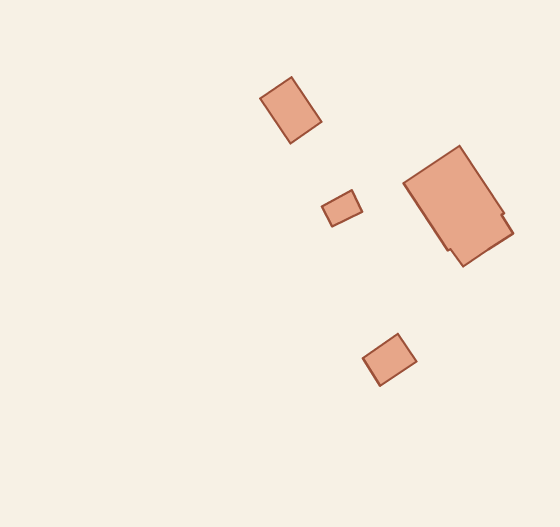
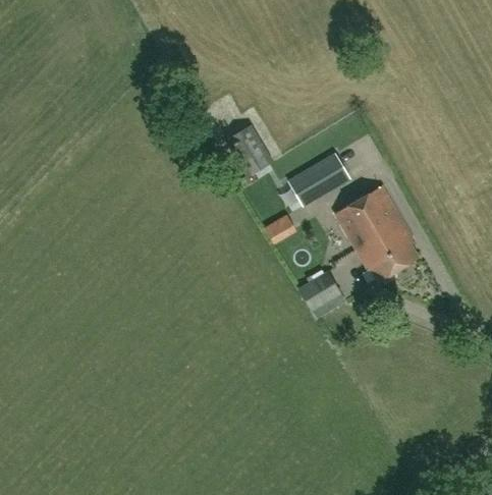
building: none -> [289,156,349,206]
building: [363,334,416,386] -> [298,271,340,311]

